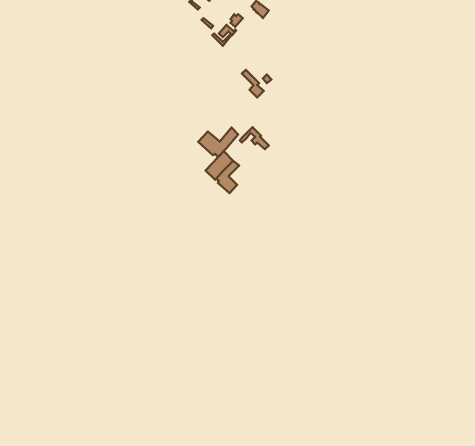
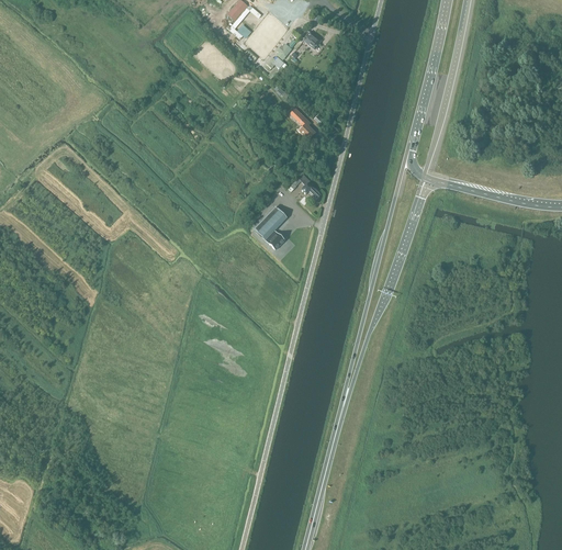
building: [198,128,238,157] -> none

